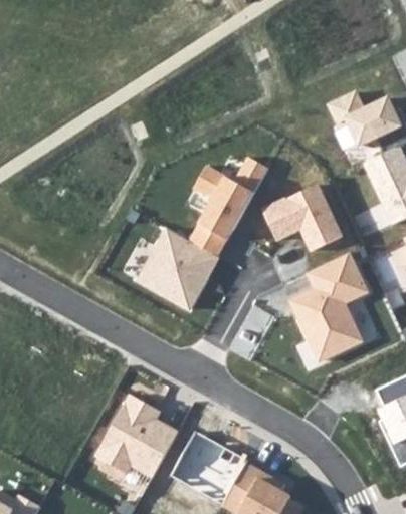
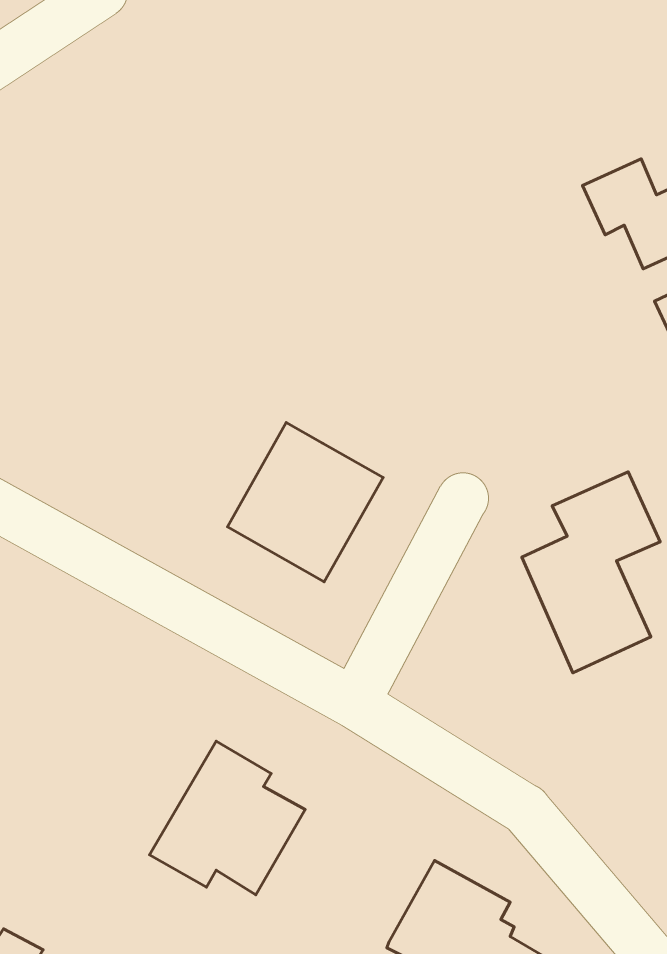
building: [187,156,268,257] -> none
building: [262,182,346,252] -> none
building: [170,431,246,503] -> none

